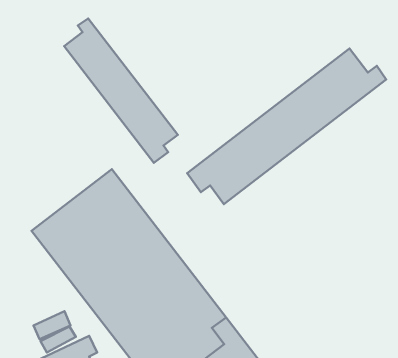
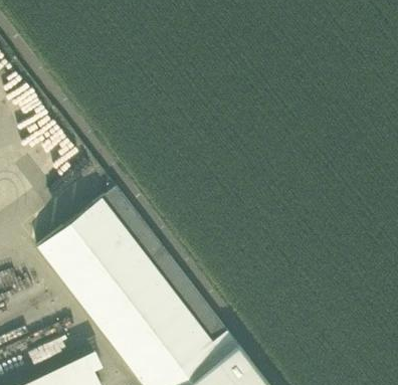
building: [64,18,178,163] -> none
building: [187,49,386,204] -> none

